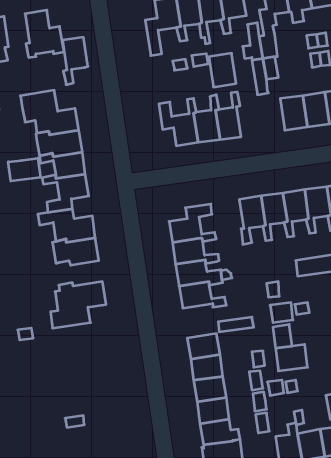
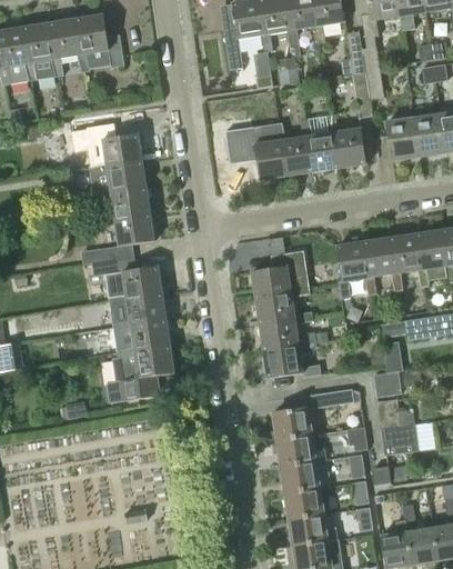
building: [62,37,88,85] -> [50,19,81,77]
building: [209,53,236,87] -> [333,128,366,169]
building: [8,158,40,181] -> none
building: none -> [113,320,170,351]

